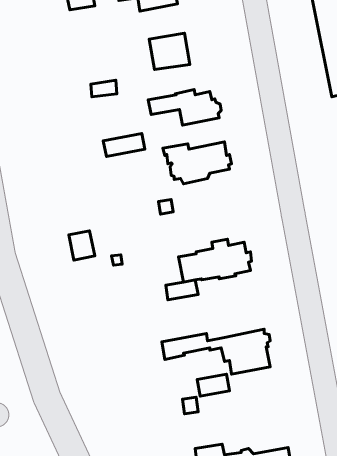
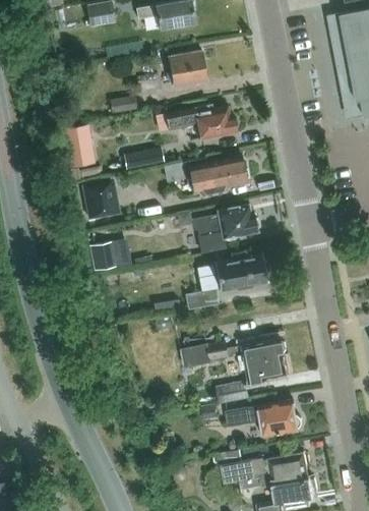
building: none -> [65,124,96,168]
building: none -> [82,180,115,218]
building: none -> [196,206,260,252]
building: none -> [226,400,302,437]

